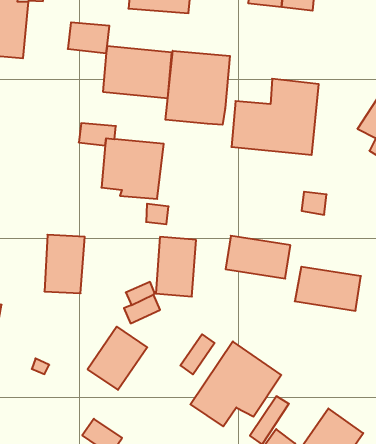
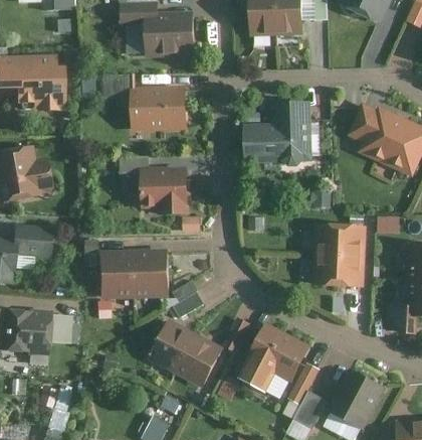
building: [165,51,230,125] -> none
building: [226,236,290,279] -> [315,226,367,256]
building: [156,237,196,297] -> [134,249,166,297]
building: none -> [176,335,224,388]

